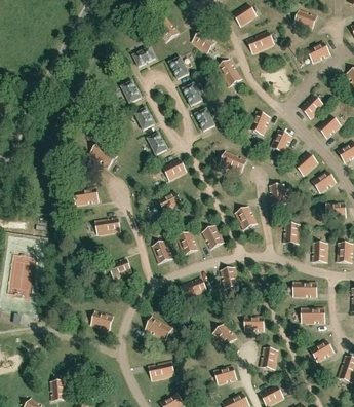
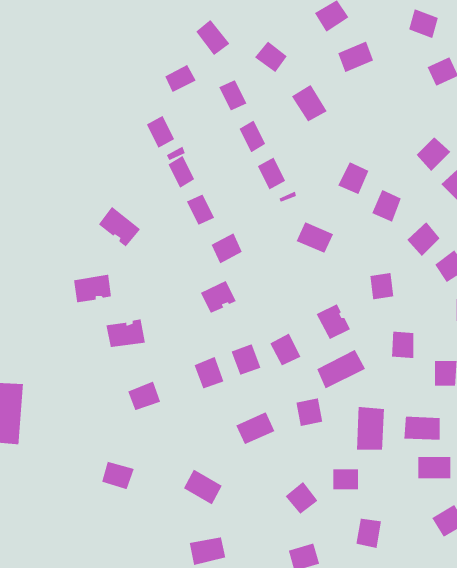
building: none -> [316,349,366,390]
building: none -> [356,406,385,450]

